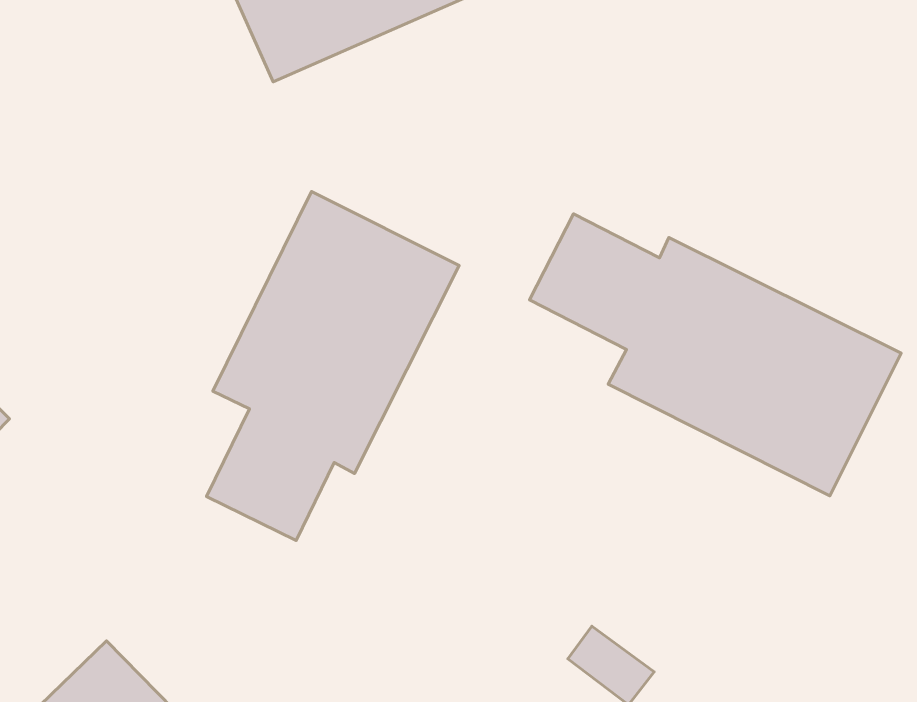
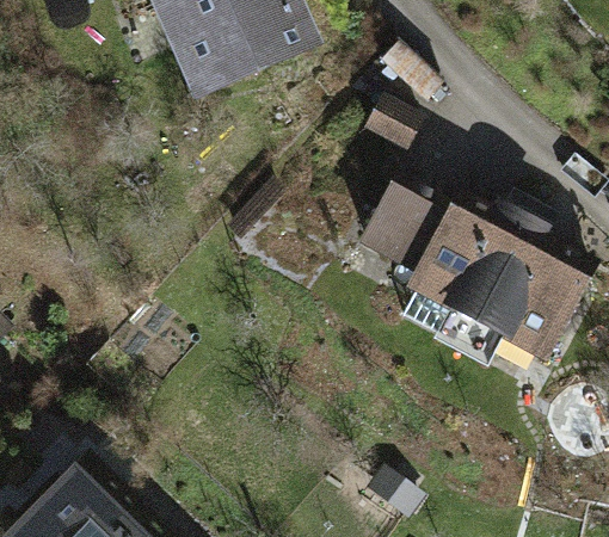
building: [207,192,459,541] -> none

